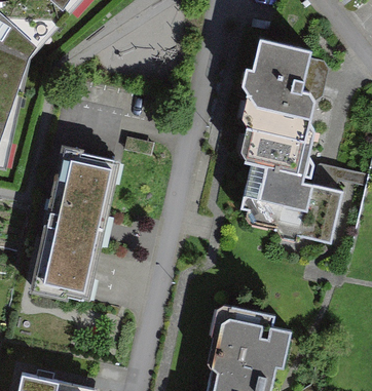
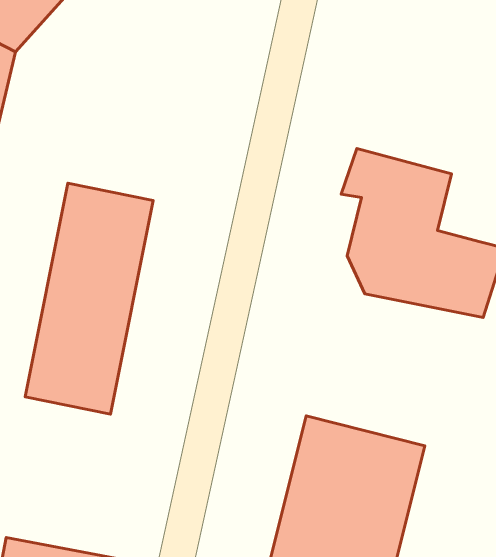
building: [247,38,333,138] -> none

